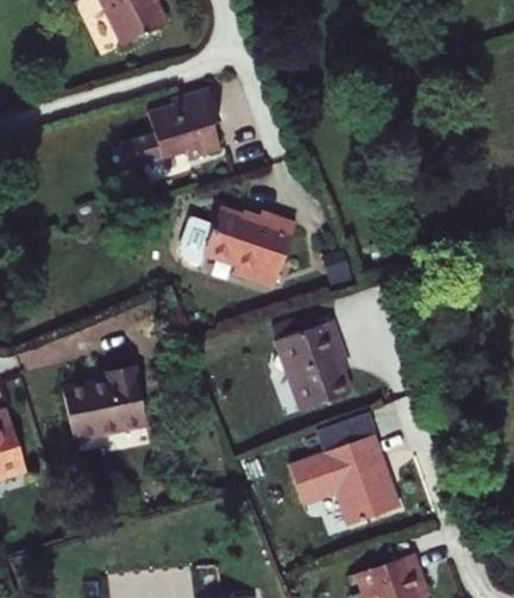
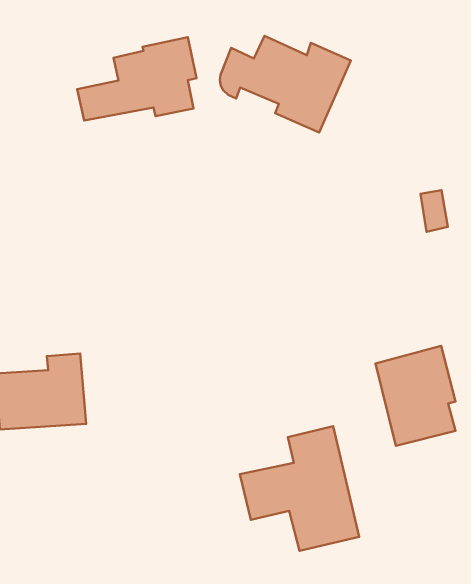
building: [184,208,295,287] -> [220,36,351,133]
building: [274,321,347,410] -> [376,346,455,446]

